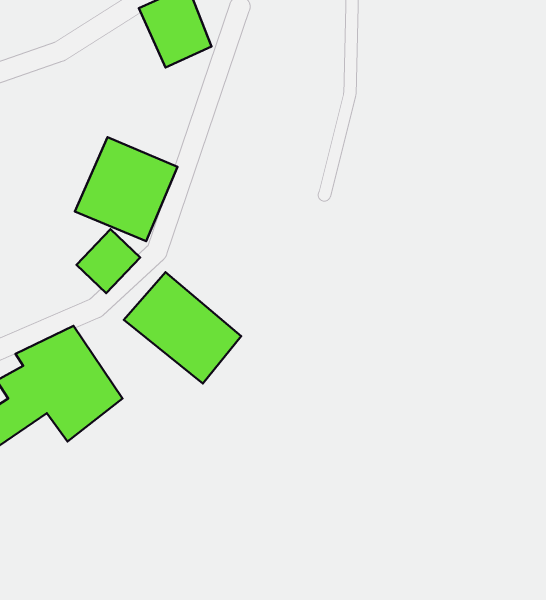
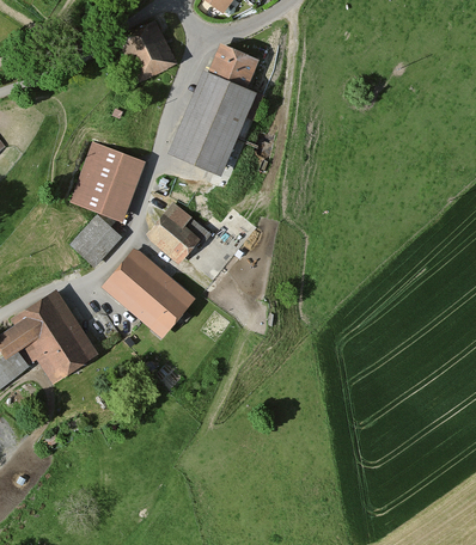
building: none -> [171,42,264,174]
building: none -> [146,201,212,264]

